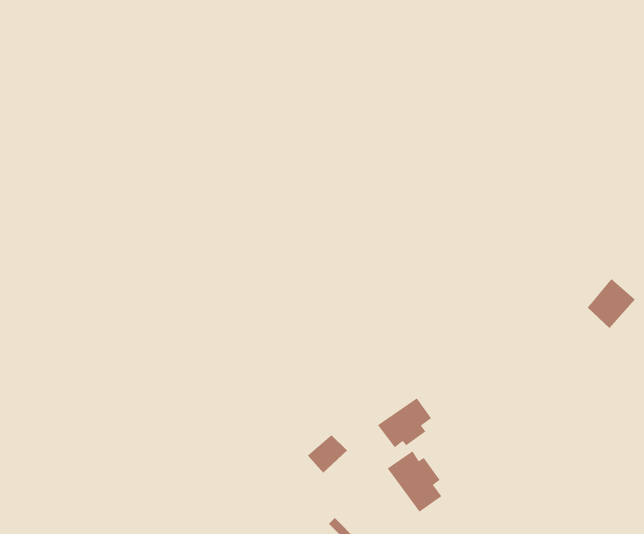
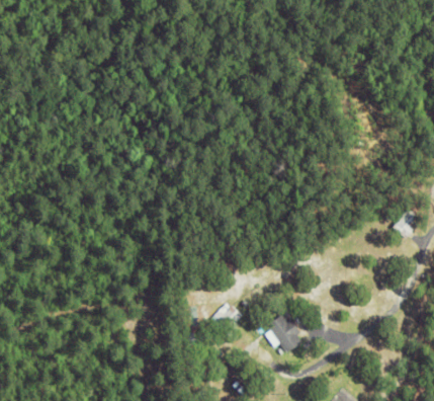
building: [377,398,432,448] -> none

